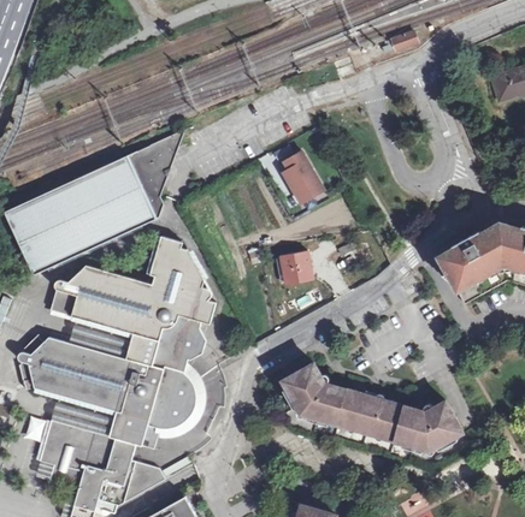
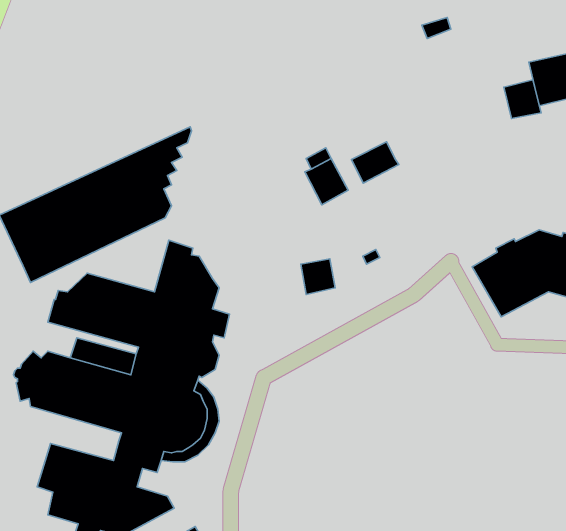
building: none -> [504,80,541,118]
building: none -> [352,142,399,183]
building: [281,363,461,451] -> none
building: [51,402,113,436] -> none

